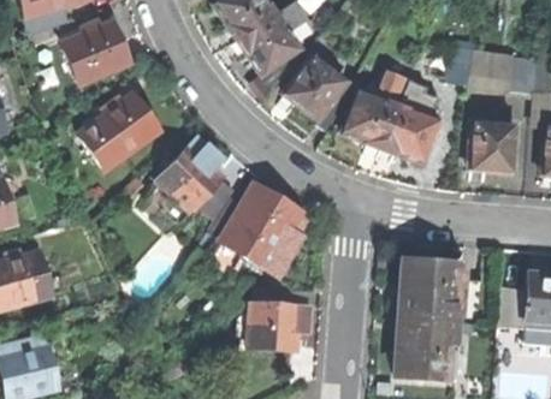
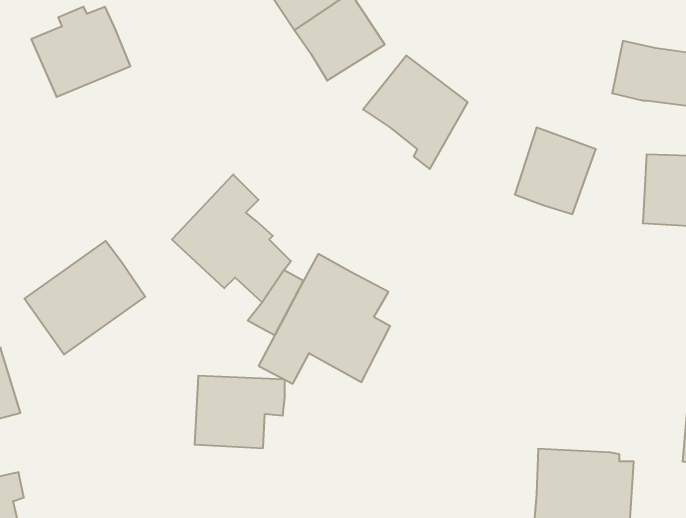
building: [344,70,409,148] -> none
building: [79,94,160,169] -> [24,241,145,355]
building: [401,260,484,322] -> none
building: [250,302,310,350] -> [195,376,285,448]

